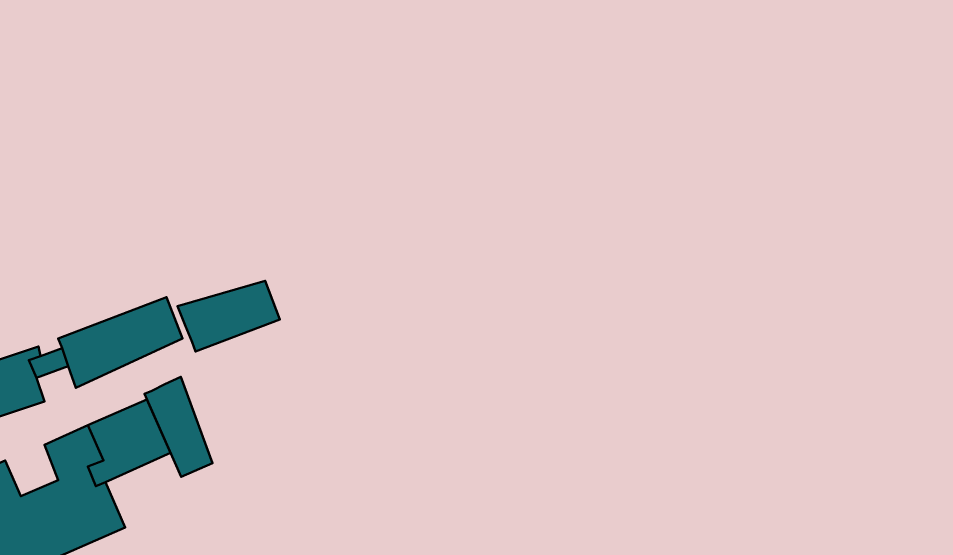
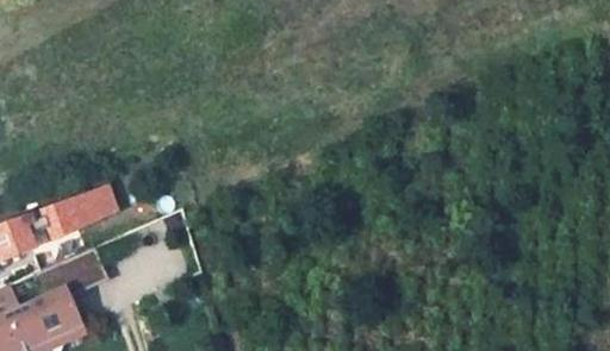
building: [177,281,280,352] -> none
building: [144,377,212,477] -> none

